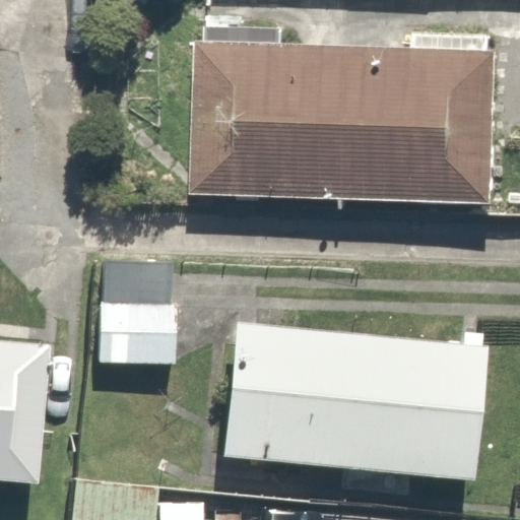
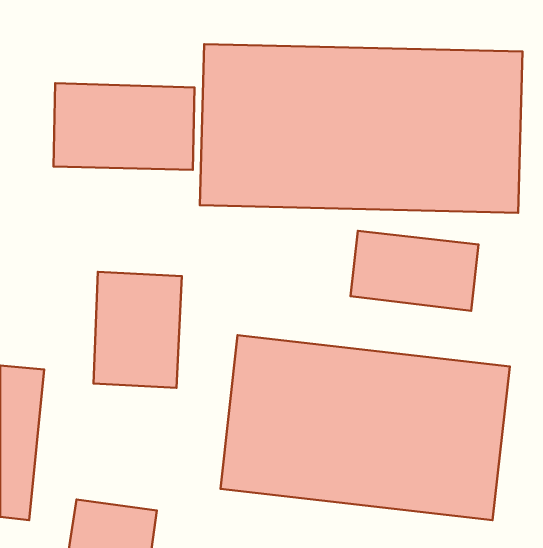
building: none -> [53,83,195,170]
building: none -> [351,231,478,311]

